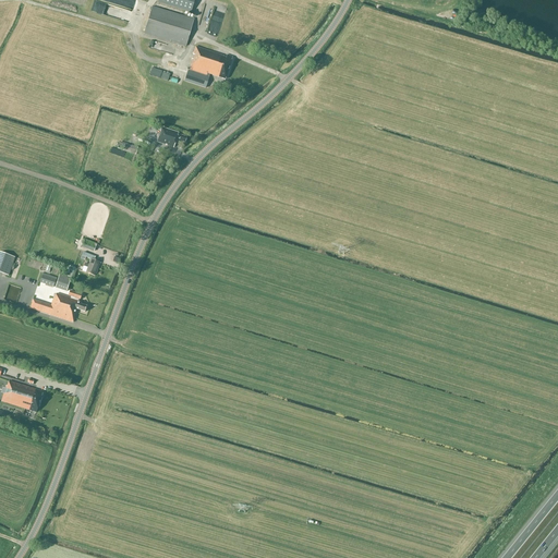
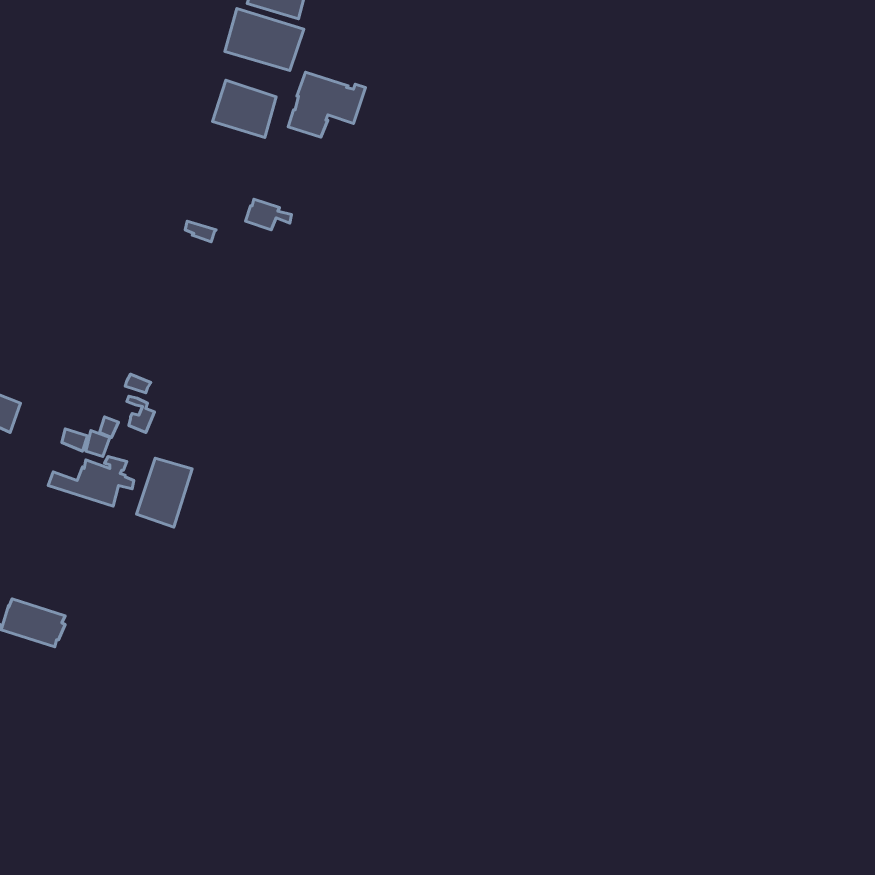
building: none -> [212,80,276,138]
building: none -> [136,458,192,527]

